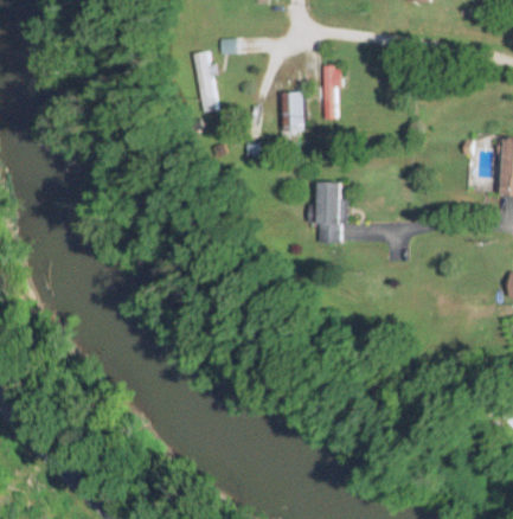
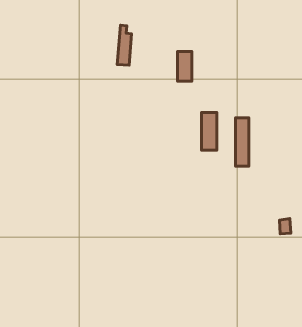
building: [322,65,340,120] -> none
building: none -> [236,118,249,166]

